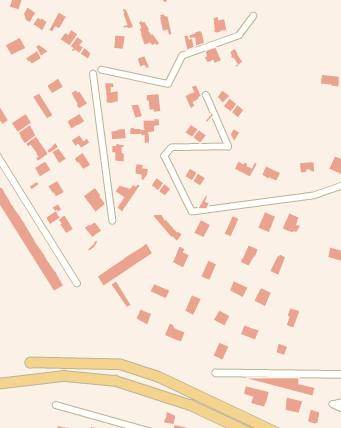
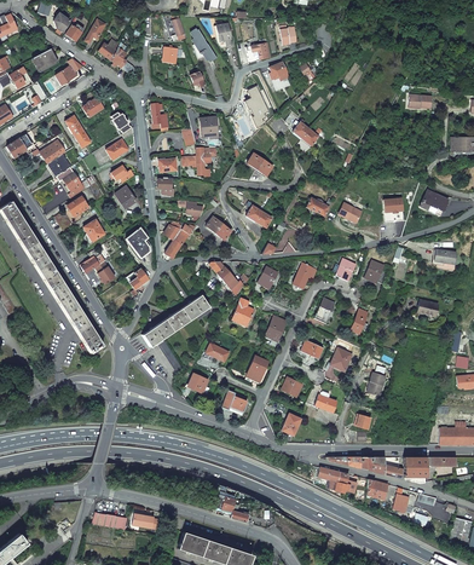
building: none -> [403,456,424,483]

